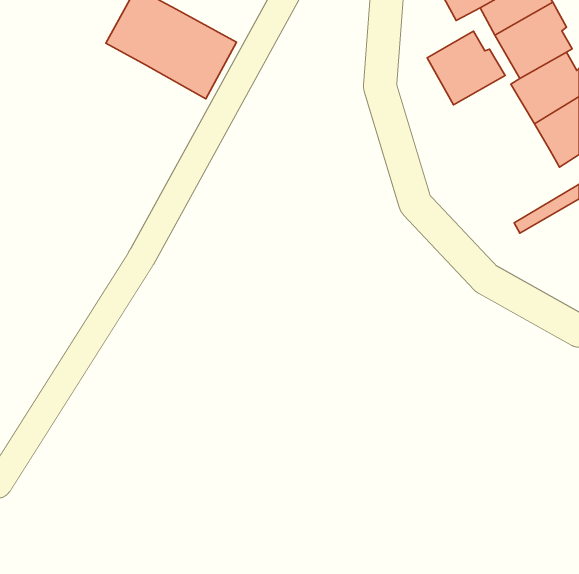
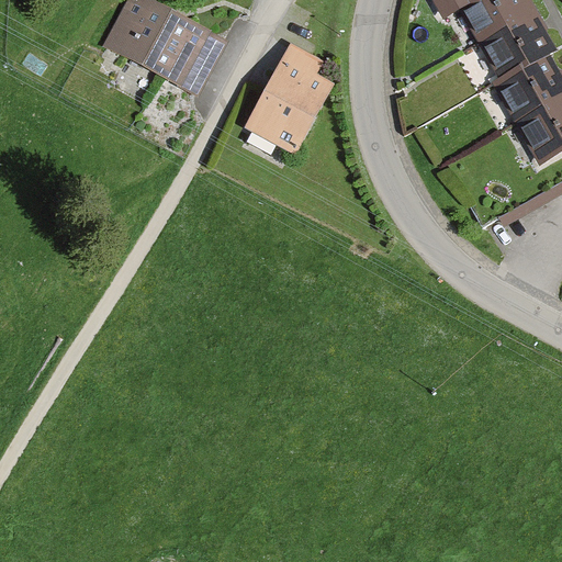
building: [427,31,505,105] -> none
building: none -> [245,42,333,155]

